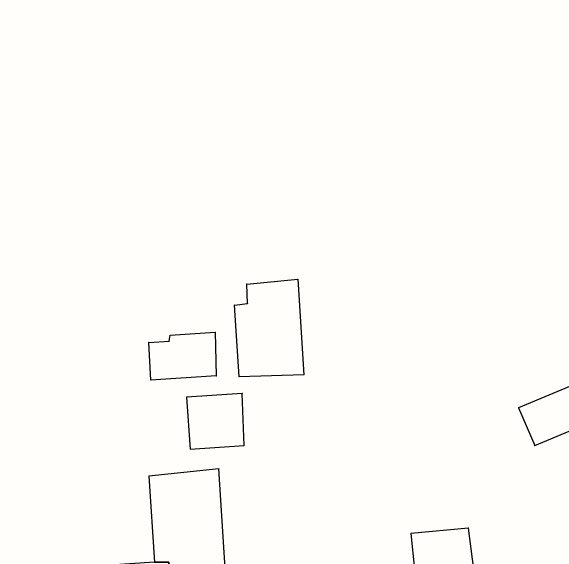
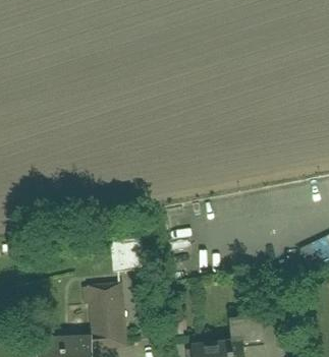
building: [235,279,304,377] -> none
building: [149,332,216,380] -> none

